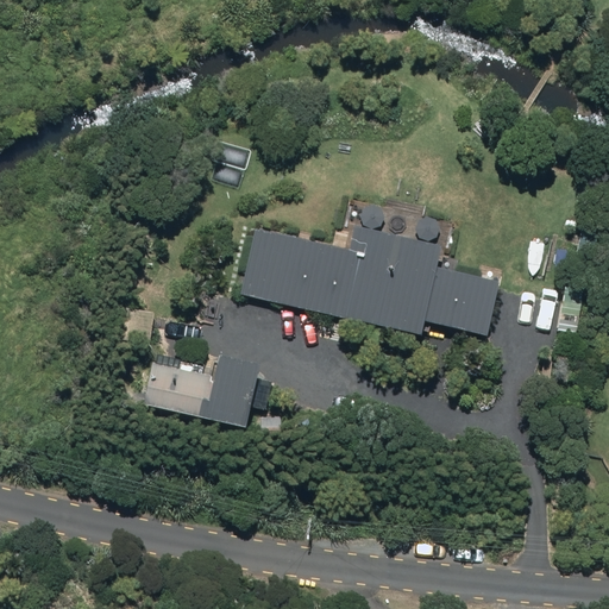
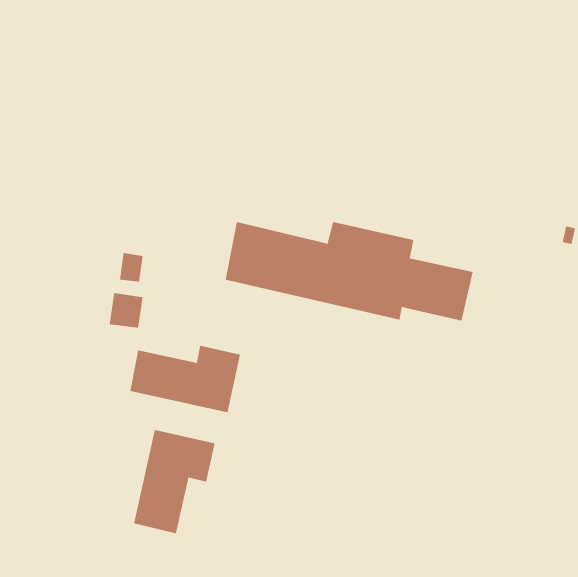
building: none -> [134,429,215,534]

